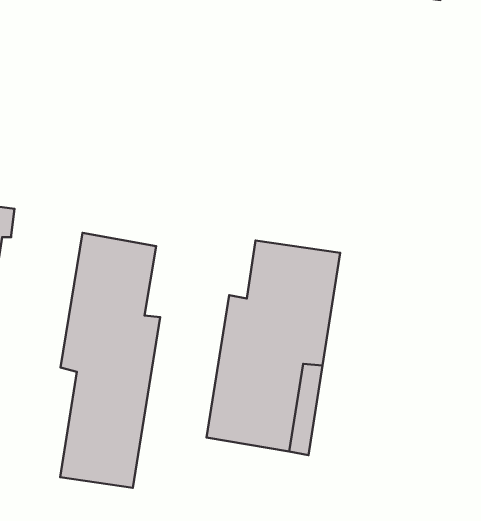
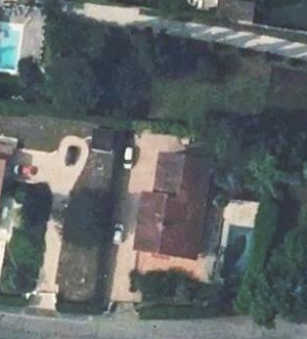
building: [60,233,160,488] -> none

